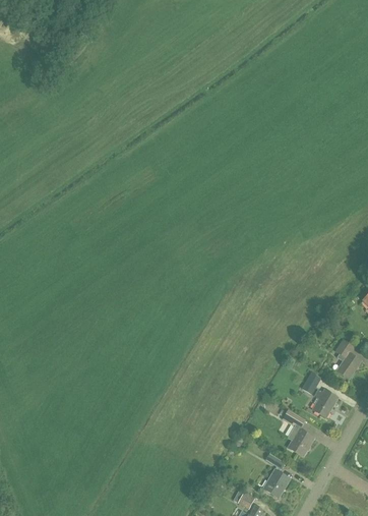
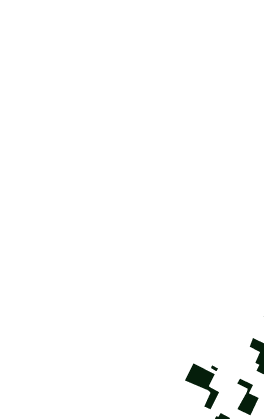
building: none -> [184,362,220,410]

